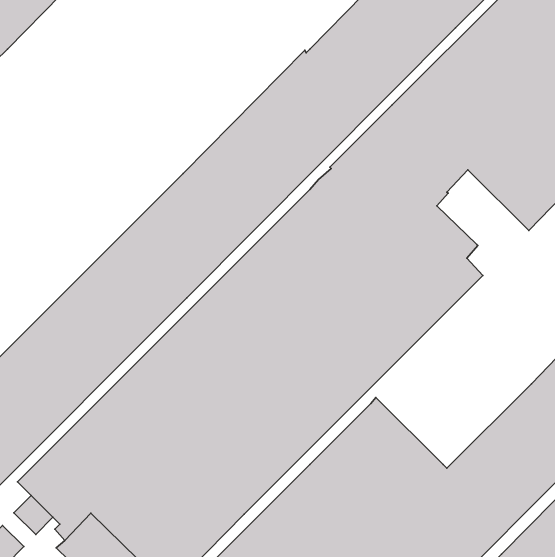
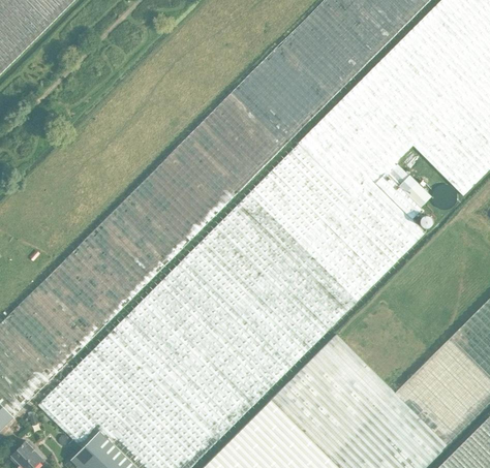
building: none -> [387,165,431,208]
building: [14,495,53,535] -> none

